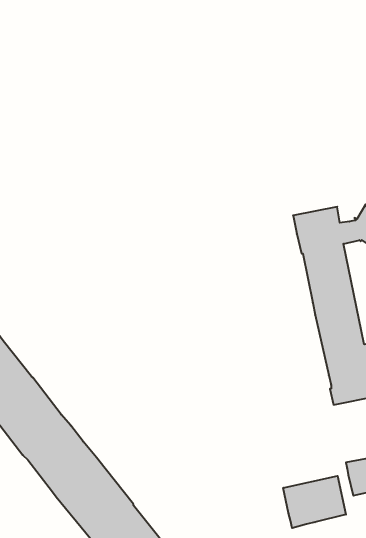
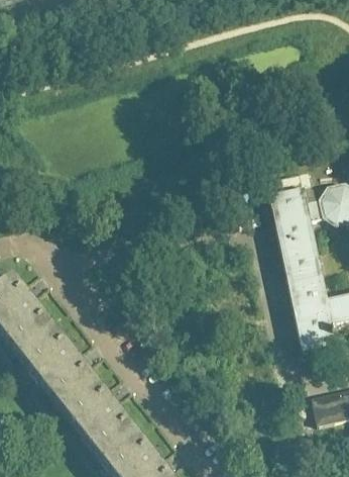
building: [283,476,346,528] -> none

